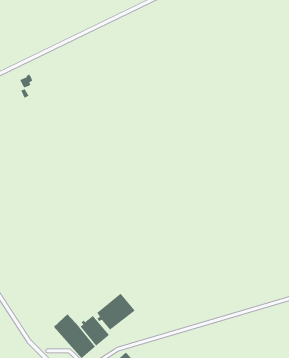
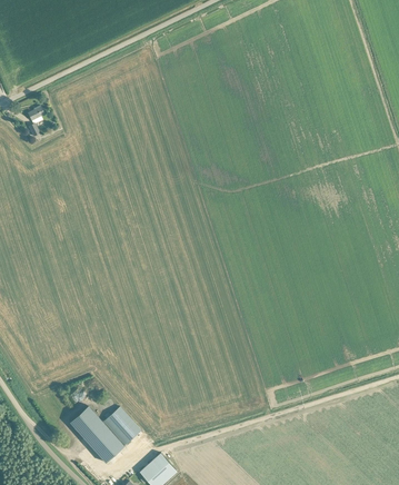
building: [96,293,135,330] -> none

